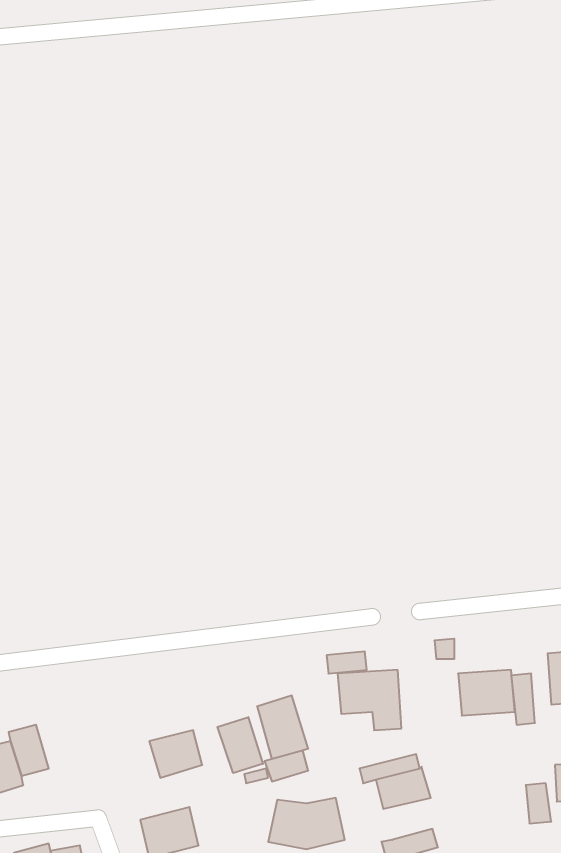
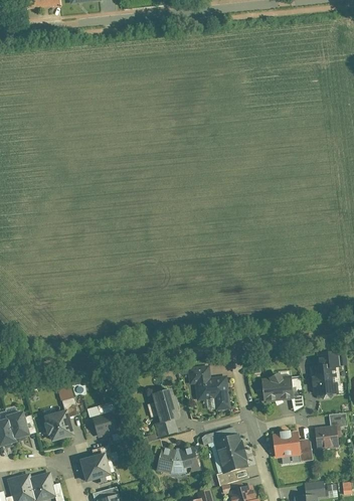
building: [217,717,263,773] -> none
building: none -> [44,410,72,441]
building: none -> [270,432,298,458]
building: none -> [218,447,248,470]

